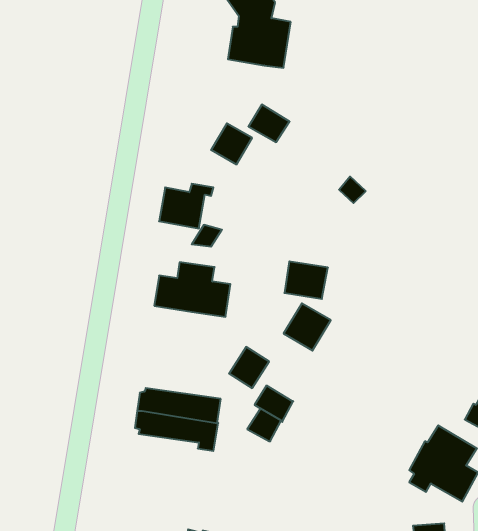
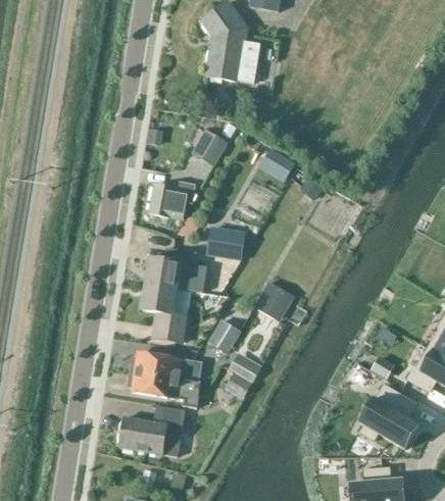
building: [248,105,290,142] -> [260,149,295,181]
building: [284,261,328,299] -> [208,228,245,259]
building: none -> [142,284,187,342]
building: none -> [120,406,184,456]

